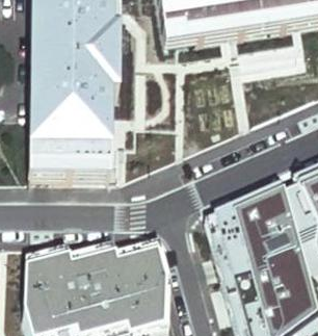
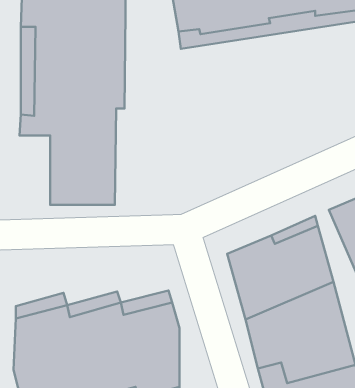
building: [28,115,55,175] -> none

